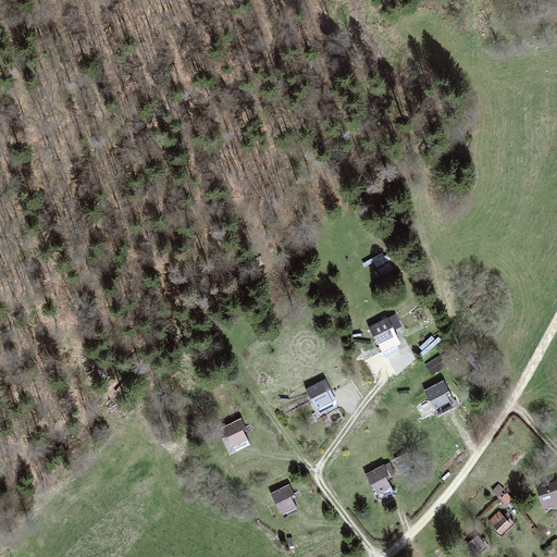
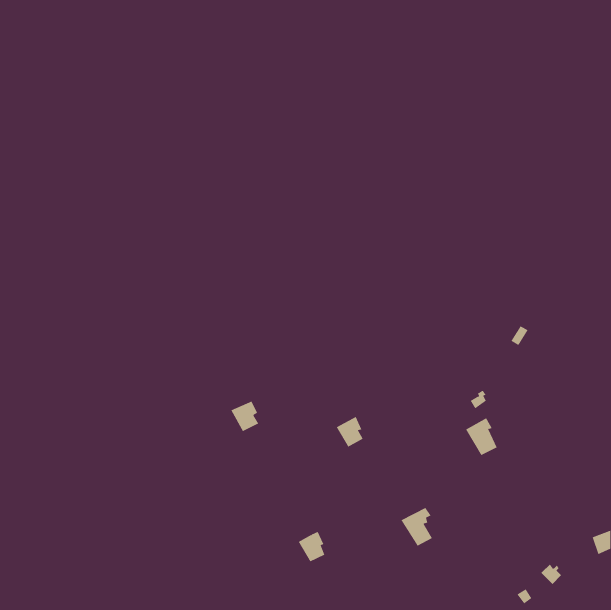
building: [368,318,397,352] -> none
building: [222,419,248,447] -> [230,401,259,432]

